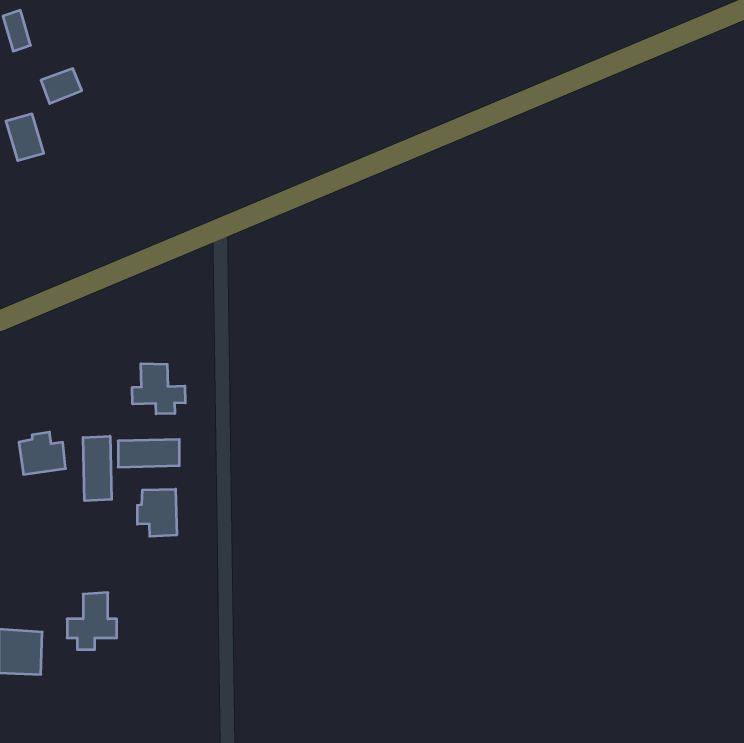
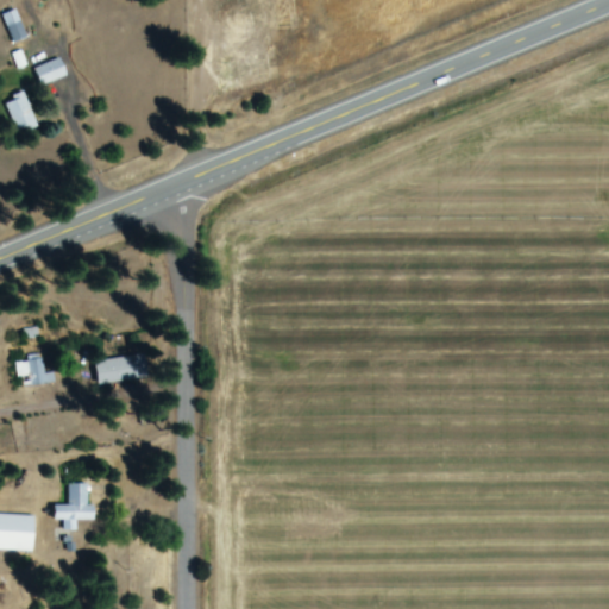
building: [132,364,185,414] -> none
building: [83,436,112,501] -> none
building: [137,489,177,536] -> none

